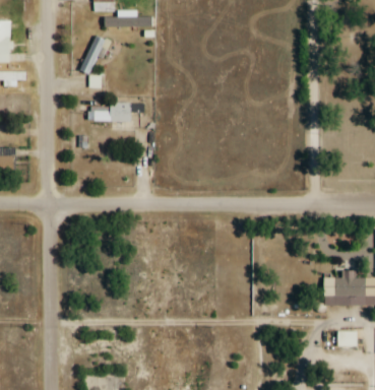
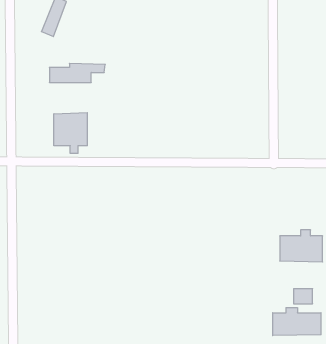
building: none -> [54,113,87,153]
building: none -> [273,308,321,336]

